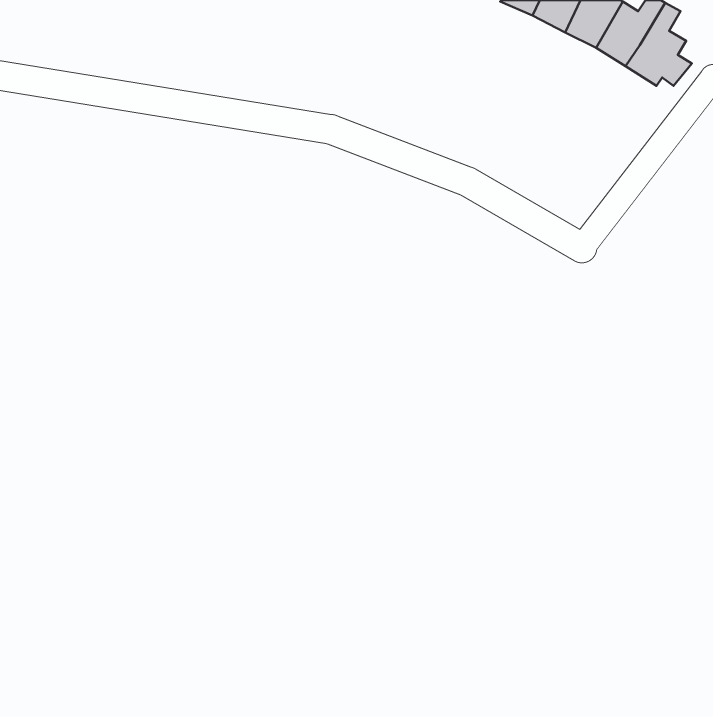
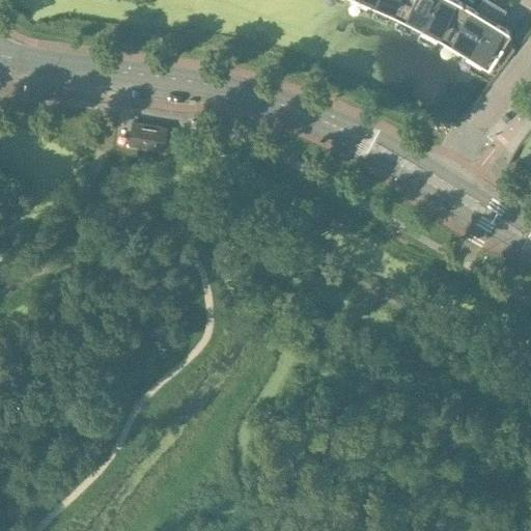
building: none -> [123,123,161,150]

